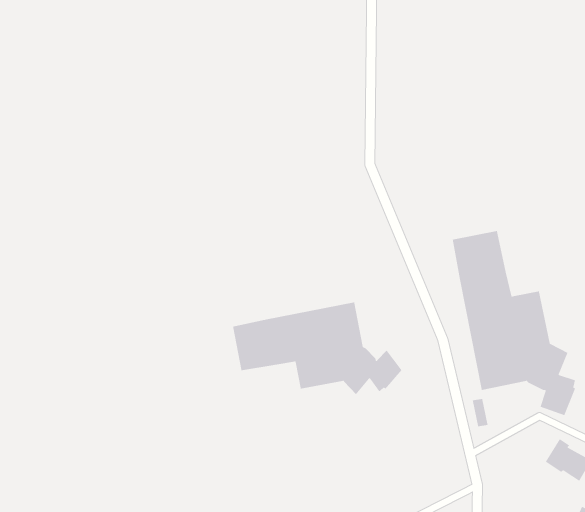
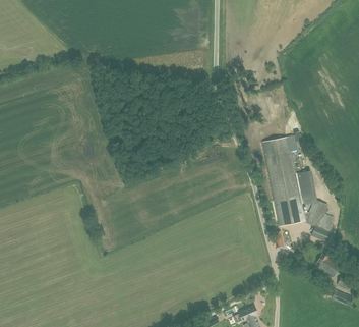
building: [232,301,402,395] -> none

